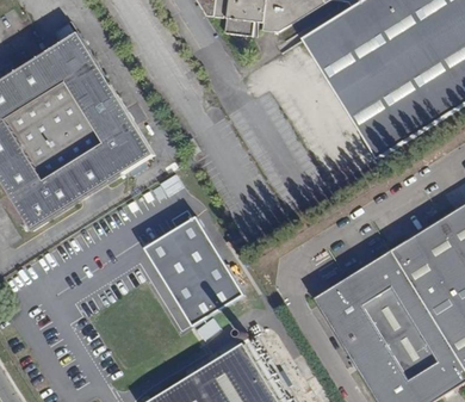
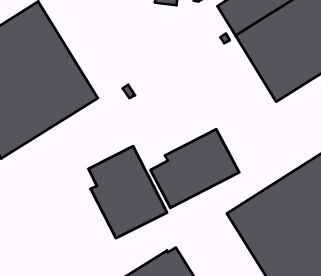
building: none -> [151,129,239,208]

